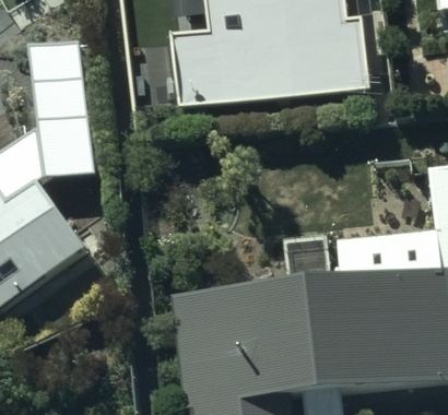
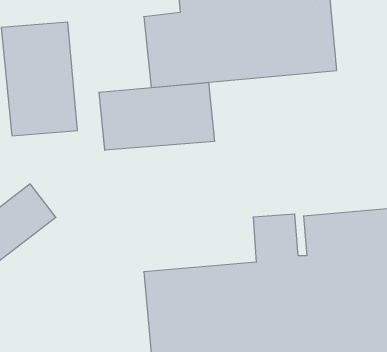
building: none -> [99,82,214,150]

